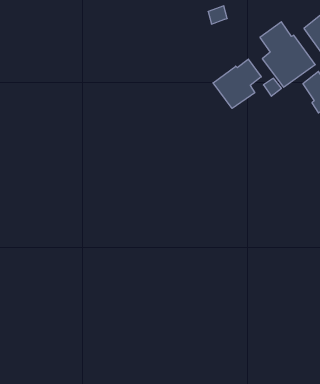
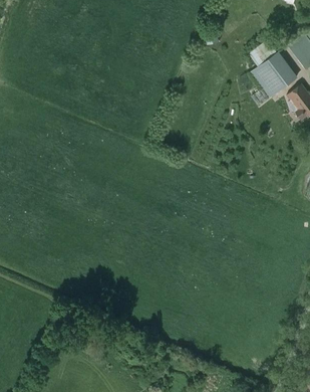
building: [213,59,261,108] -> none

